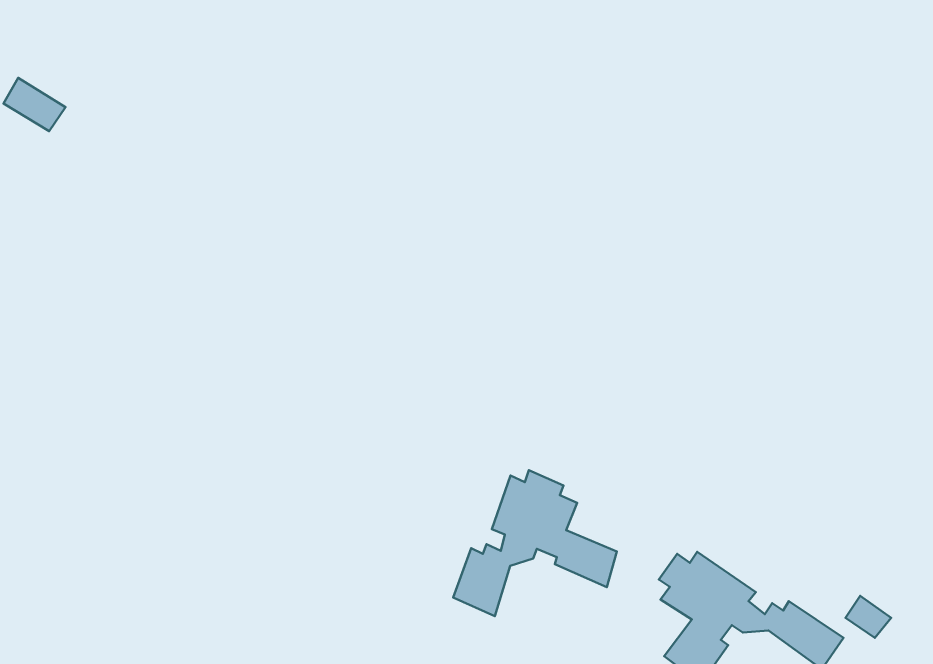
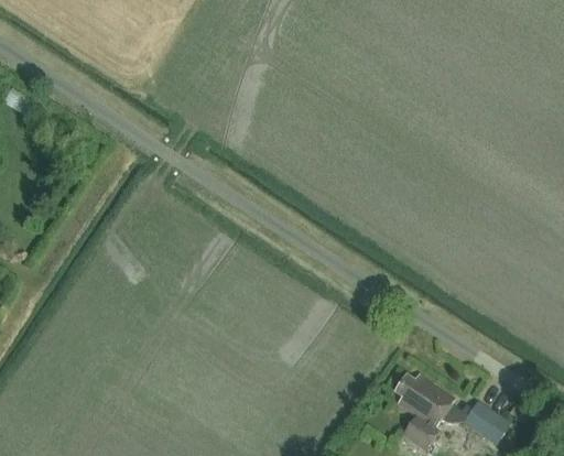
building: [453,470,617,616] -> none

